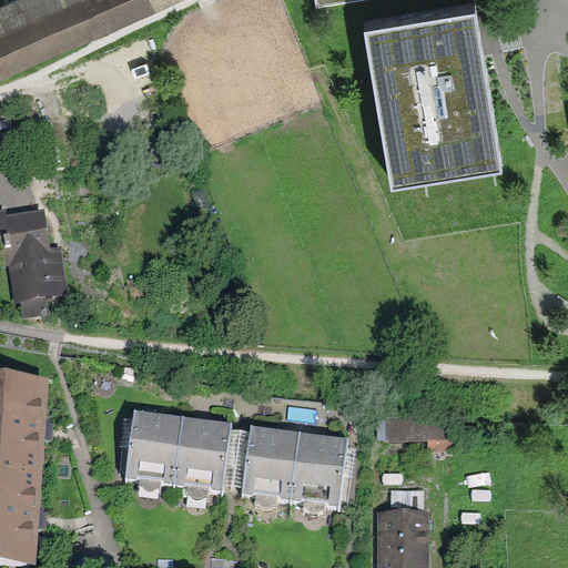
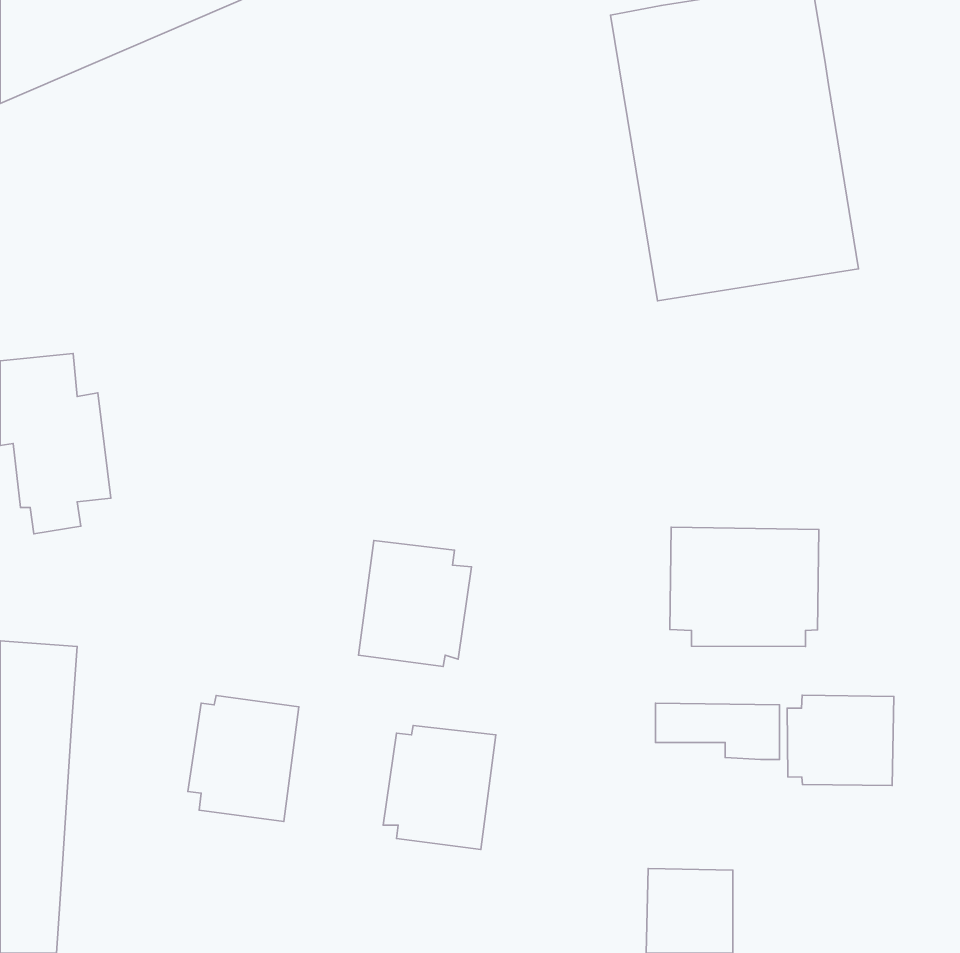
building: none -> [670,527,819,646]
building: none -> [787,695,894,786]
building: [168,417,234,491] -> [359,541,471,667]
building: [284,434,351,508] -> none

